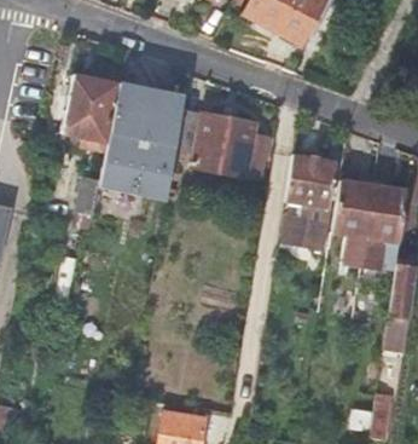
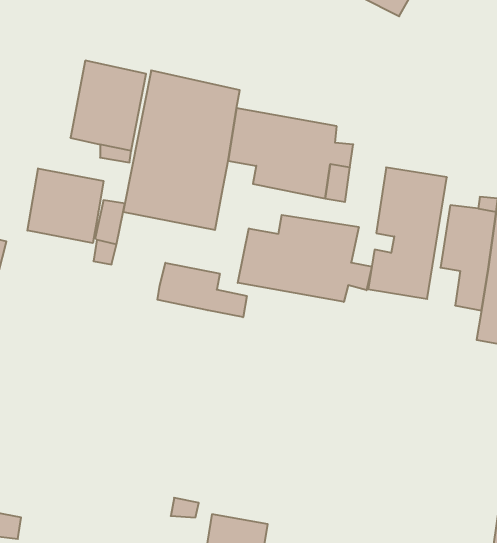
building: none -> [27,168,103,243]
building: none -> [238,215,372,302]
building: none -> [157,263,247,317]

